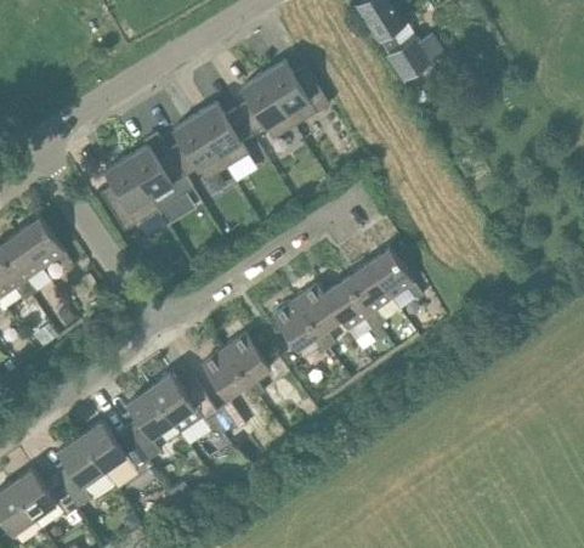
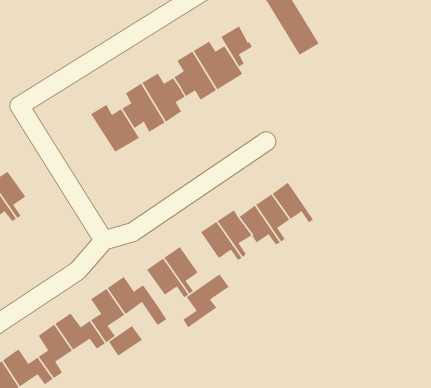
building: none -> [220,26,253,68]
building: [100,159,159,232] -> none
building: [17,219,73,272] -> none
building: none -> [183,273,229,328]
building: none -> [108,325,143,356]

